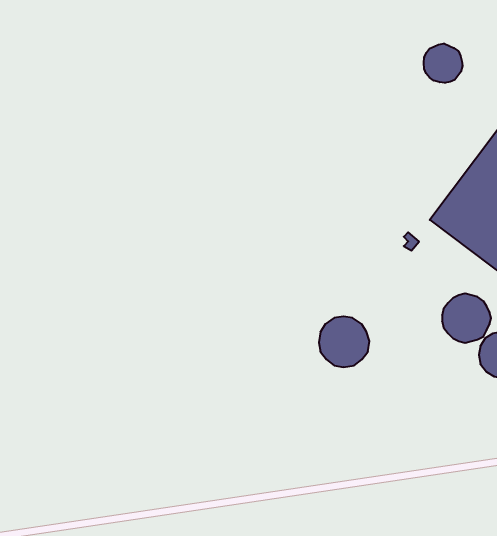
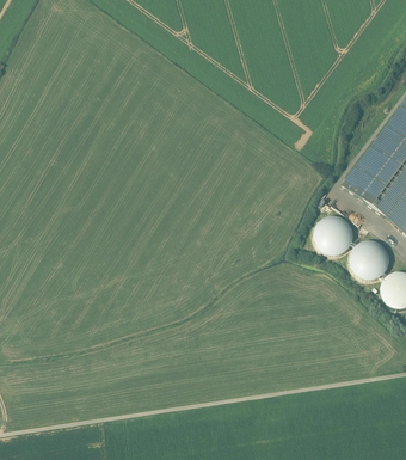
building: [424,43,462,83] -> none
building: [319,316,369,367] -> [314,215,353,254]

